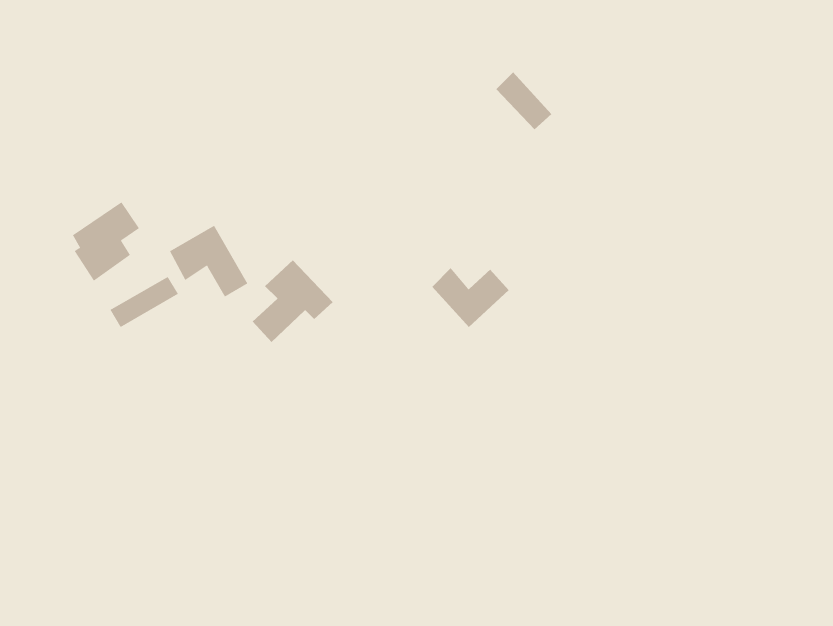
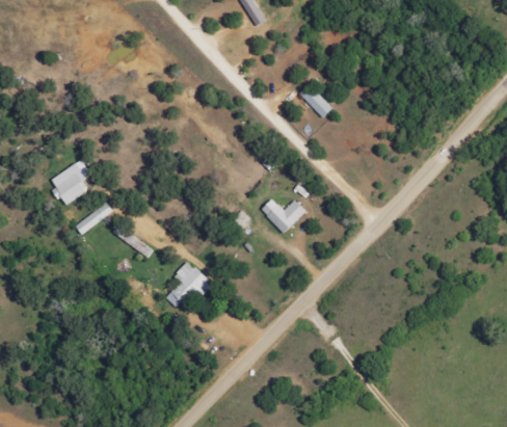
building: [169,225,248,297] -> none
building: [252,259,334,343] -> [165,261,213,310]

